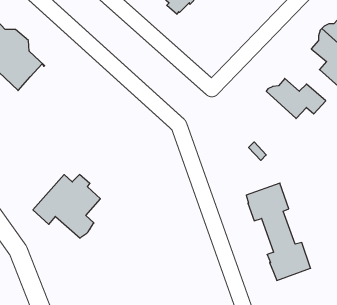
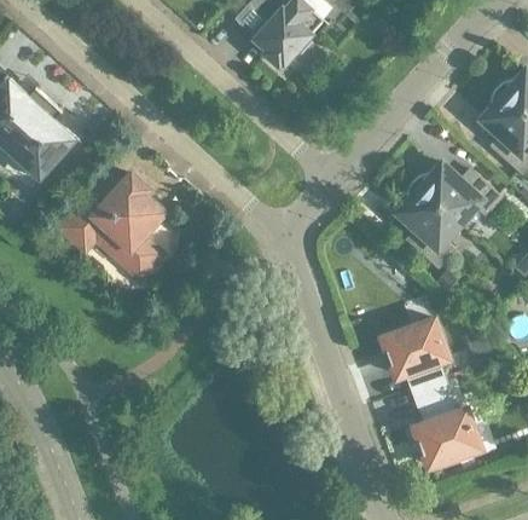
building: none -> [398,183,458,268]
building: [33,175,100,238] -> [62,174,163,270]

